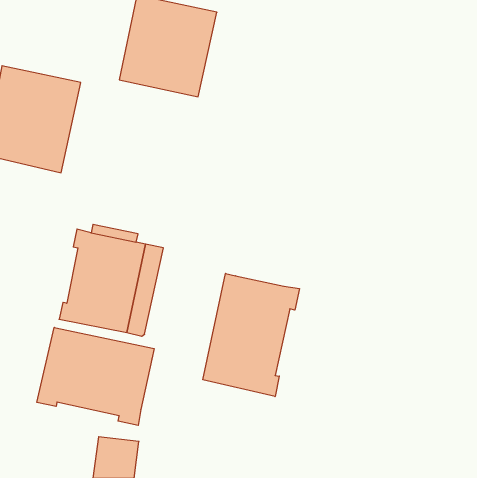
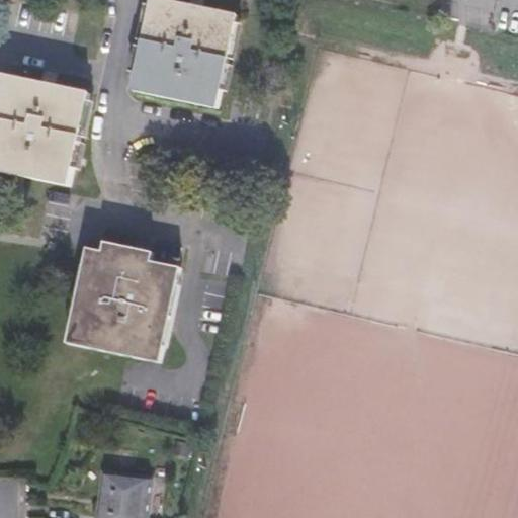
building: [203,273,299,397] -> none
building: [37,327,154,425] -> none

